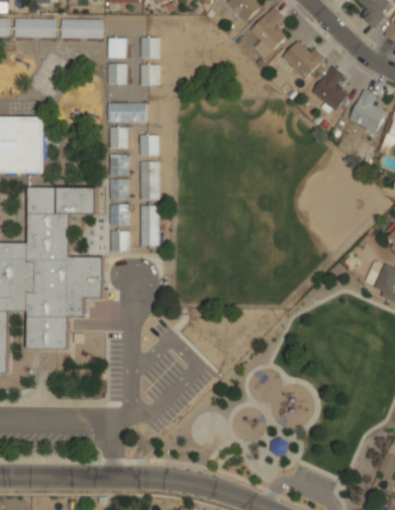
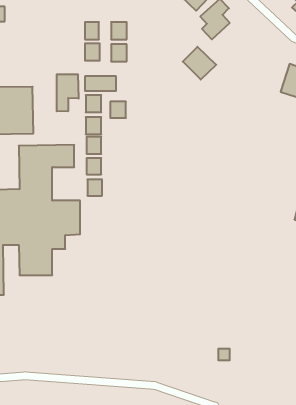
building: [14,18,55,36] -> none
building: [61,19,102,37] -> none
building: [281,38,322,79] -> [183,47,216,80]
building: [310,67,349,112] -> none
building: none -> [57,74,79,111]
building: [138,161,159,199] -> none
building: [139,204,160,246] -> none

